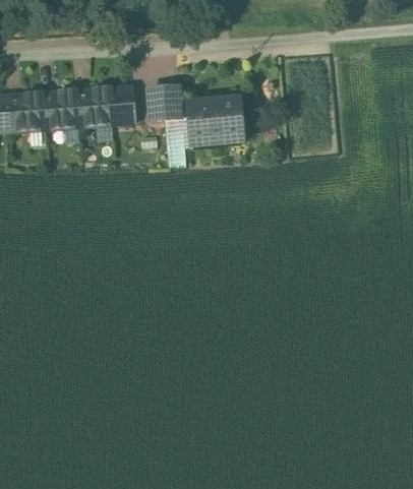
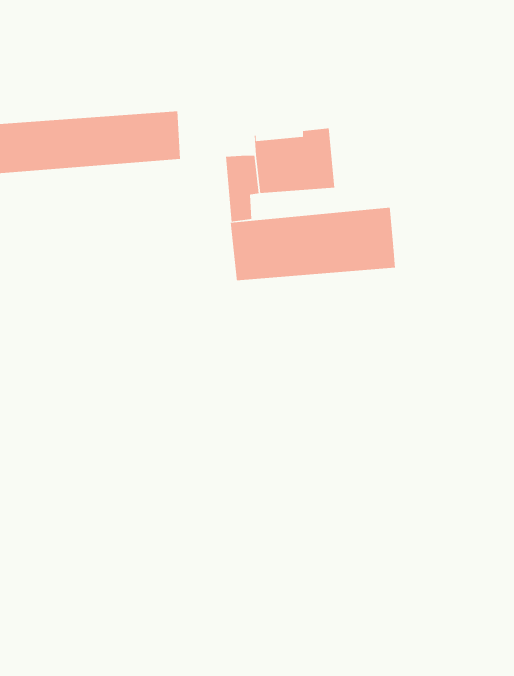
building: [149,84,181,119] -> none
building: none -> [230,207,395,281]

